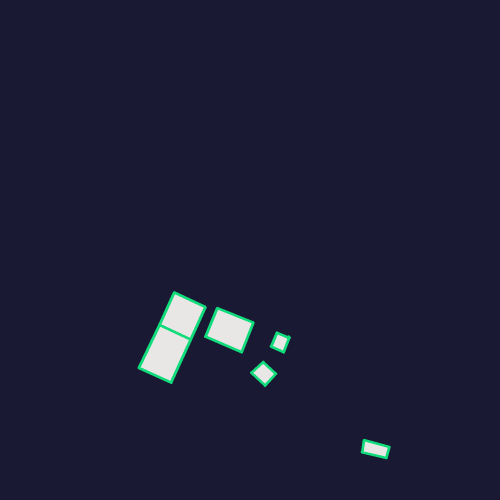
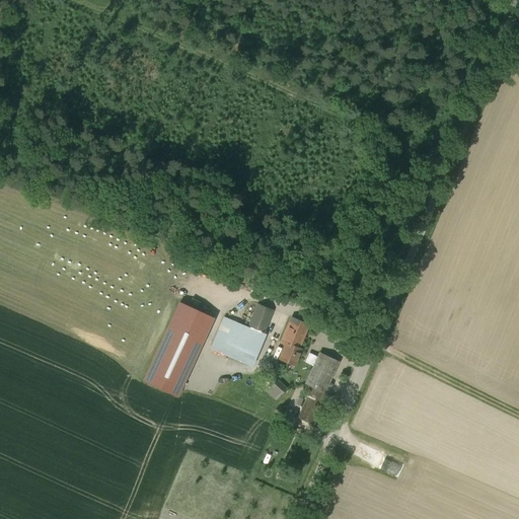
building: none -> [249,304,273,332]
building: none -> [281,318,308,350]
building: none -> [298,353,339,426]

